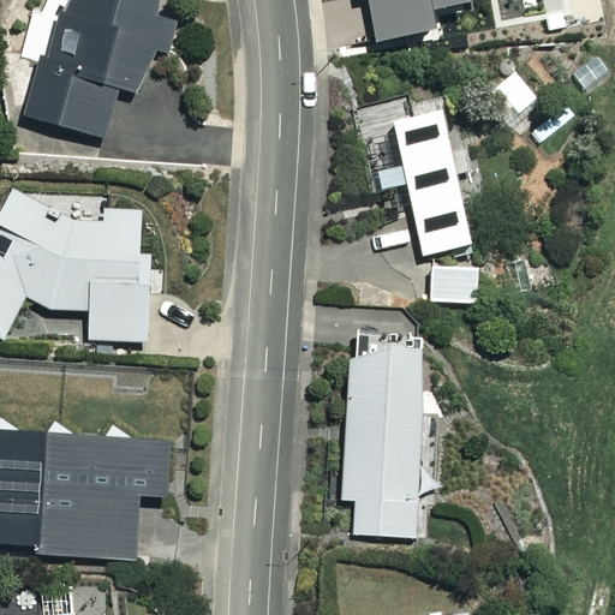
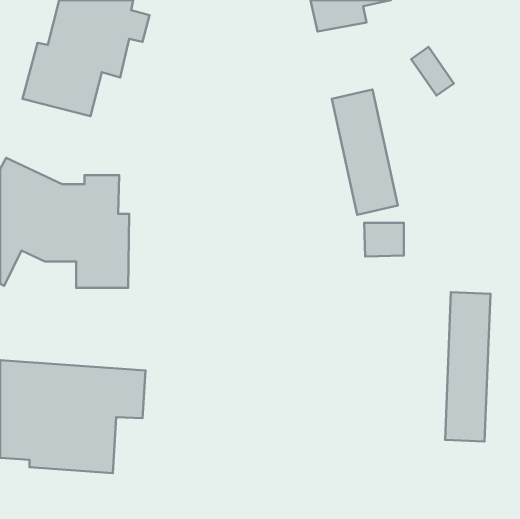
building: [342,345,437,538] -> none
building: none -> [445,292,490,442]

